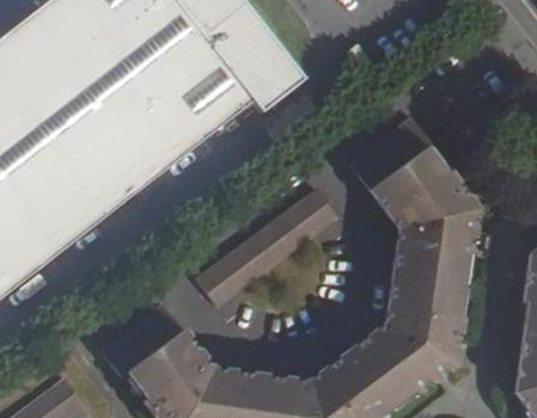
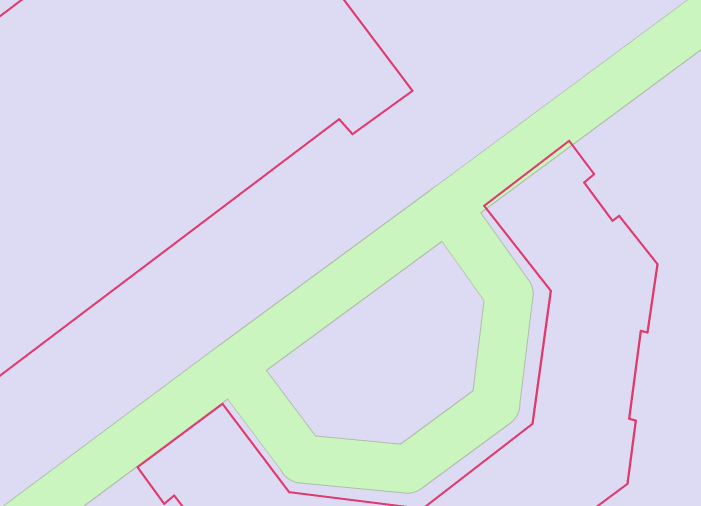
building: [200,190,340,307] -> none

